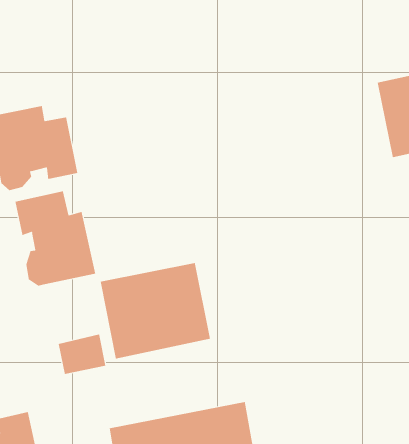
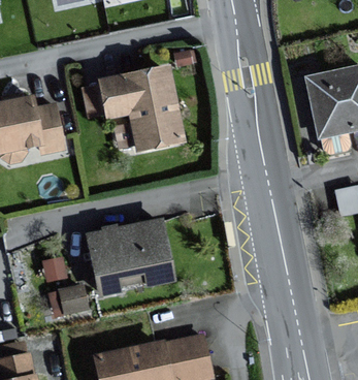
building: none -> [83,65,186,150]
building: [15,191,96,286] -> none

